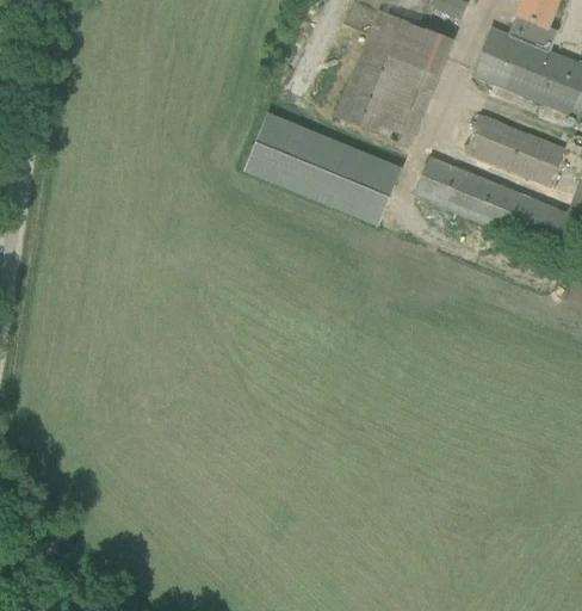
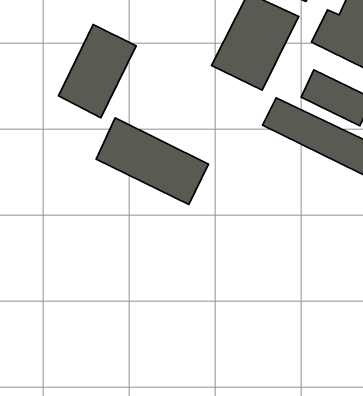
building: none -> [58,24,136,118]
building: [244,111,402,226] -> [96,118,209,205]

